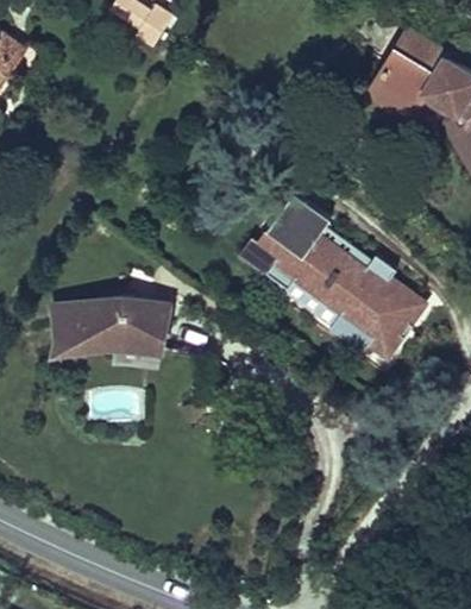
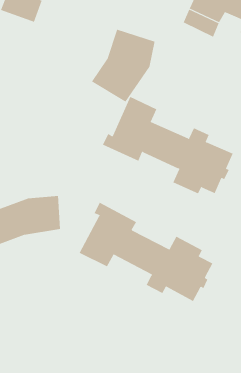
building: none -> [91,29,155,102]
building: none -> [79,202,213,302]

